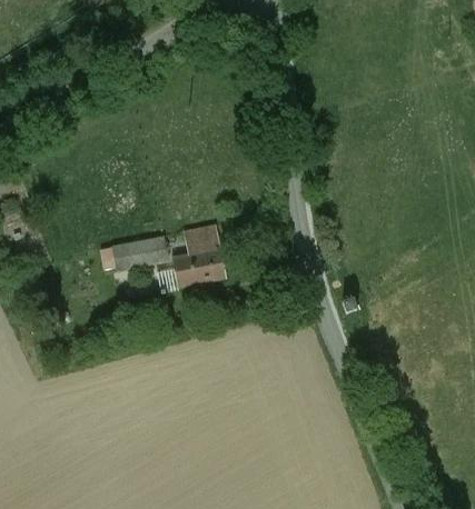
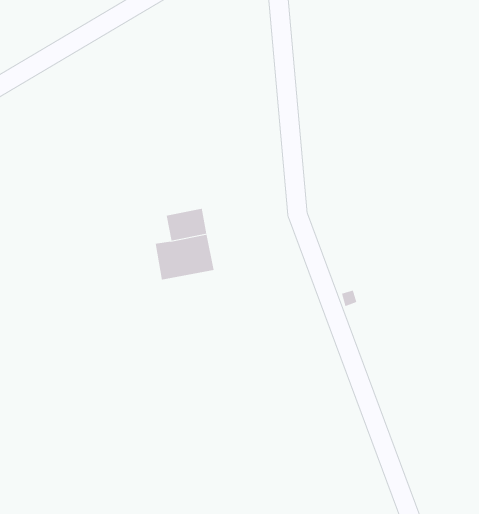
building: [112,233,168,270] -> none

